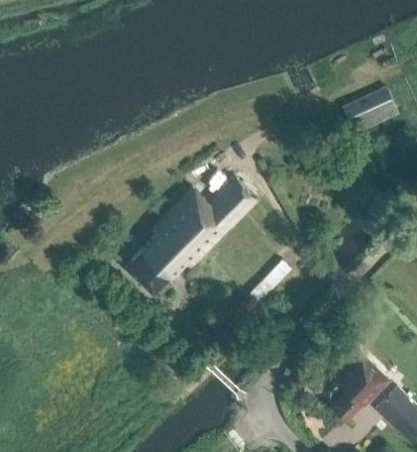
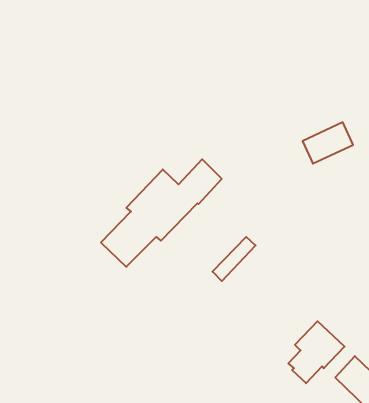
building: [344,88,399,132] -> [303,122,353,164]

